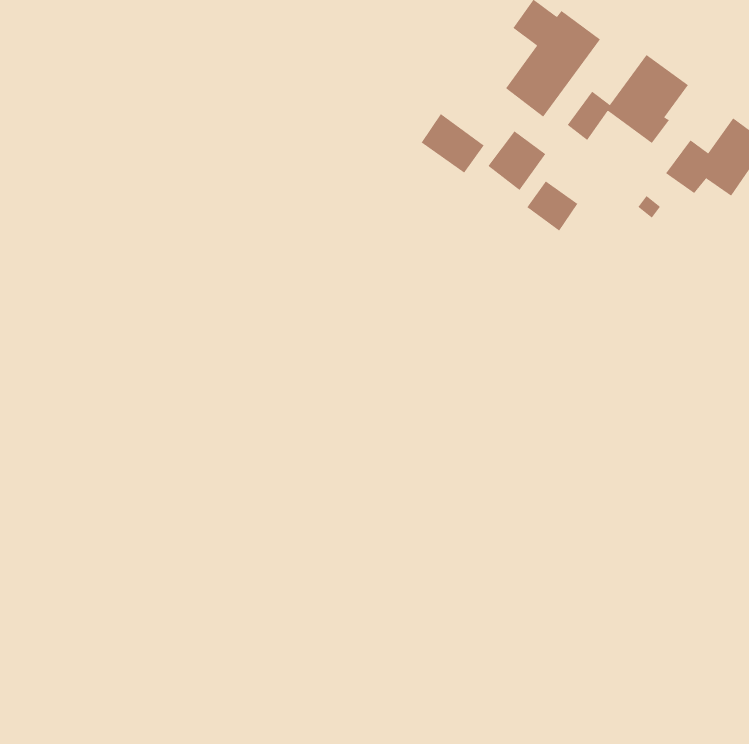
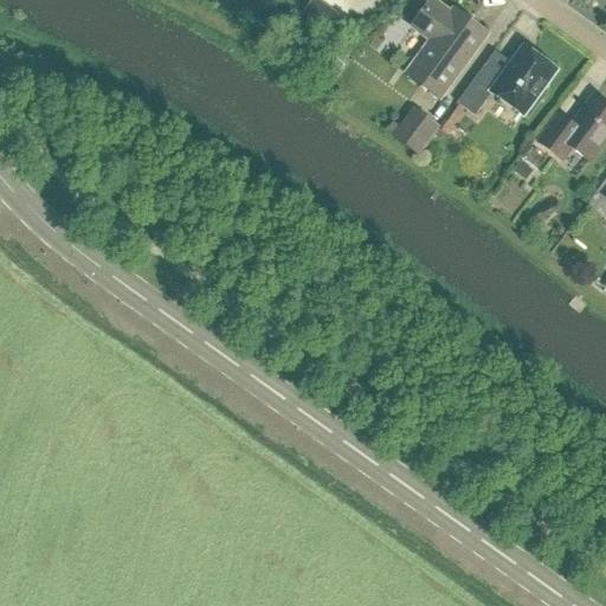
building: [421,113,485,174] -> none
building: [526,181,578,231] -> none

